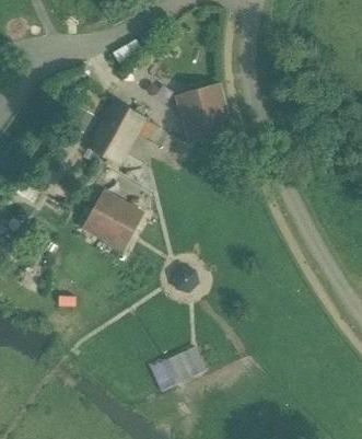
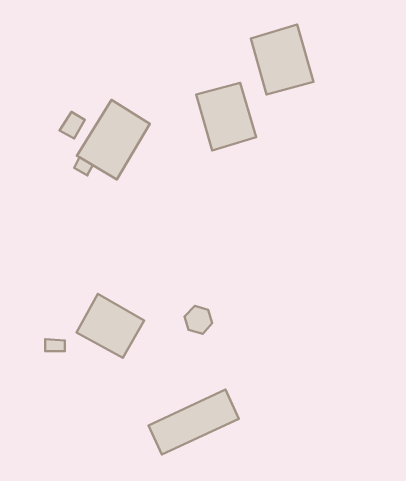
building: none -> [251,25,314,95]
building: [83,198,139,251] -> [77,294,144,358]

